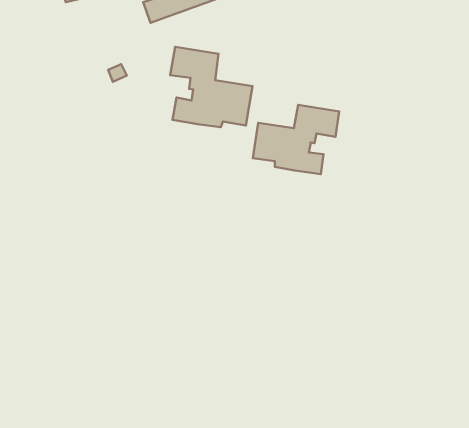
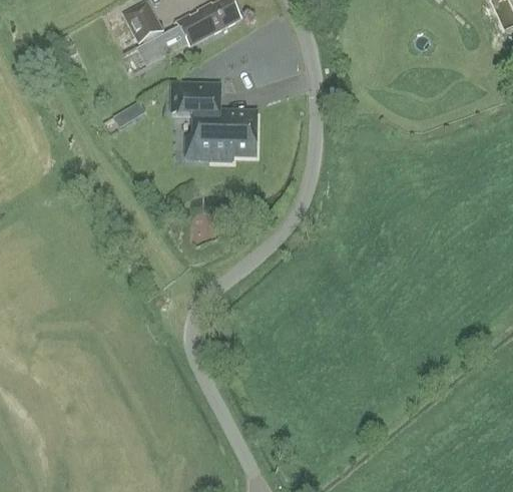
building: [253,105,339,174] -> none

